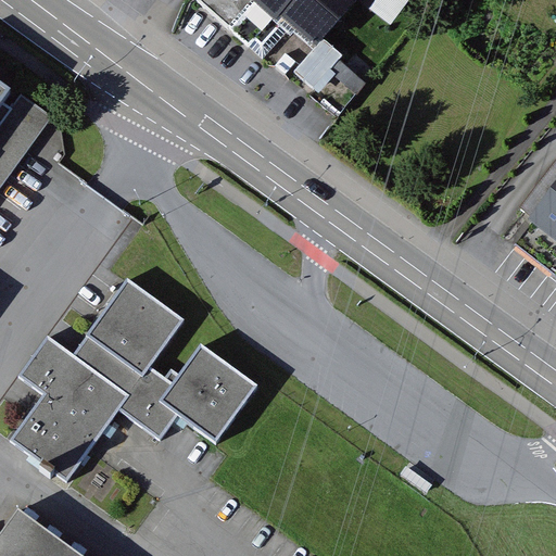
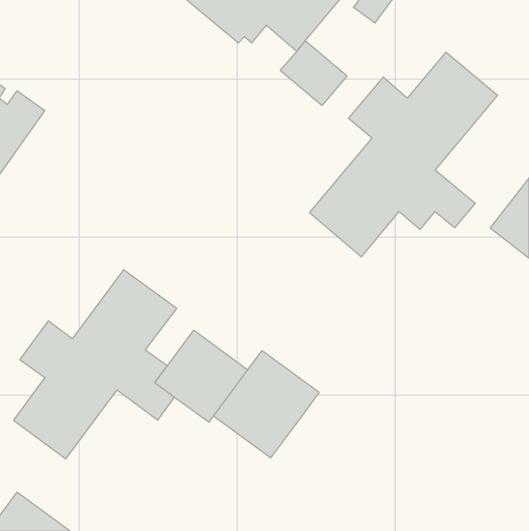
building: none -> [310,52,498,257]
building: none -> [214,351,319,458]

